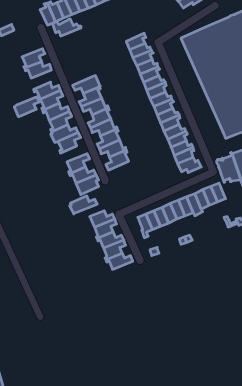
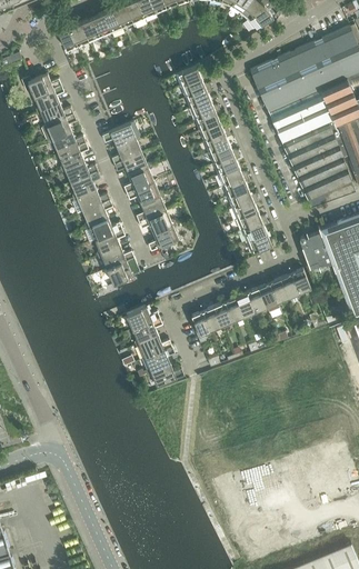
building: [52,19,81,36] -> [22,73,61,97]
building: [14,97,39,117] -> [42,114,77,141]
building: [70,196,97,214] -> [84,218,122,242]

